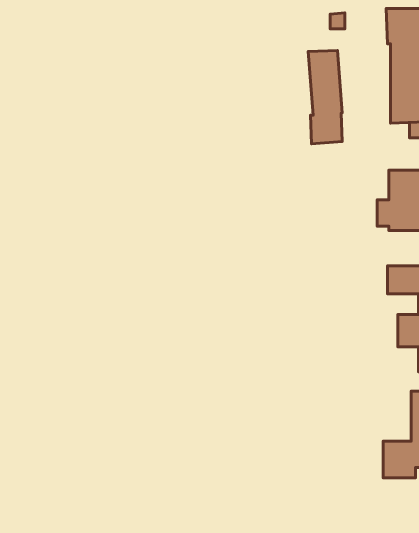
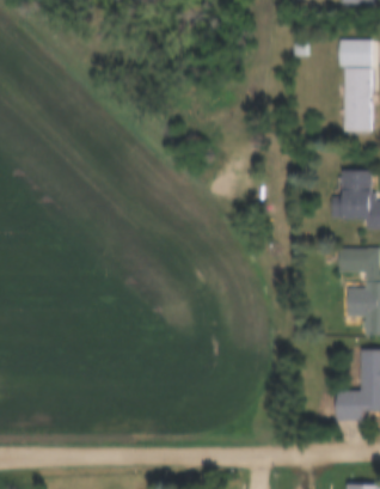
building: [308,50,342,144] -> none

